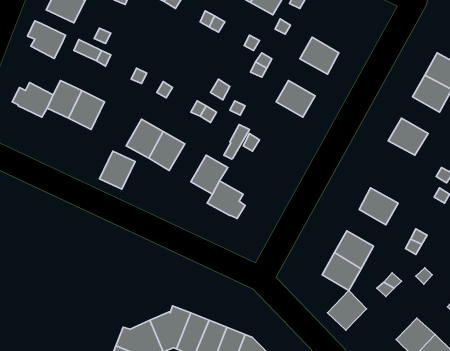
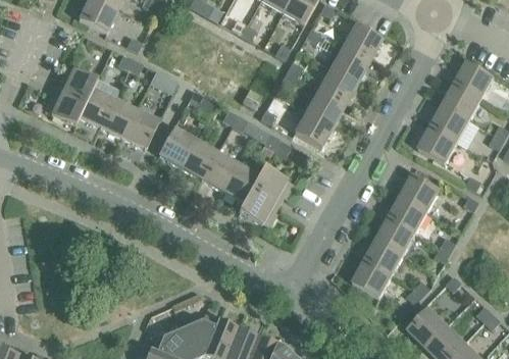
building: none -> [343,23,383,61]
building: [28,21,66,59] -> [59,65,97,103]
building: none -> [319,67,358,104]
building: none -> [431,105,469,142]
building: none -> [295,110,334,147]
building: none -> [201,152,238,190]
building: [99,151,135,189] -> [123,110,159,148]
building: none -> [251,166,293,202]
building: none -> [401,173,441,211]
building: none -> [377,217,416,254]
building: [327,290,366,330] -> [408,307,447,347]

